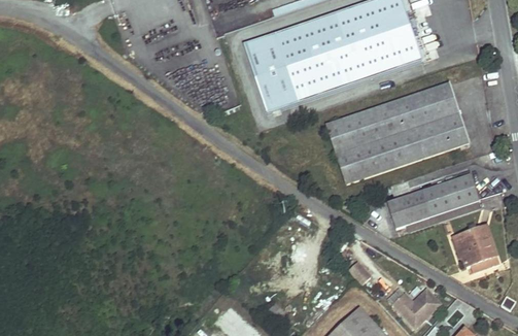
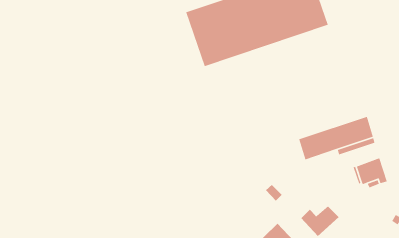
building: [326,82,469,182] -> none

